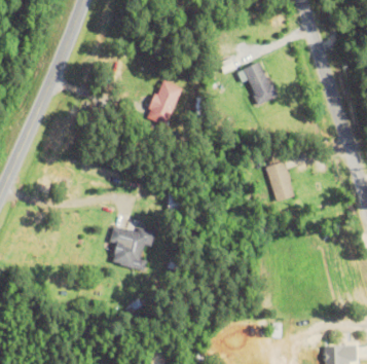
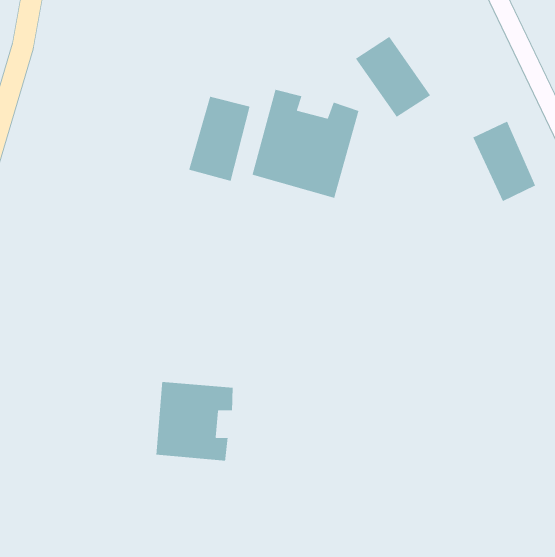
building: none -> [252,89,359,199]
building: [265,158,295,201] -> [472,120,536,202]

